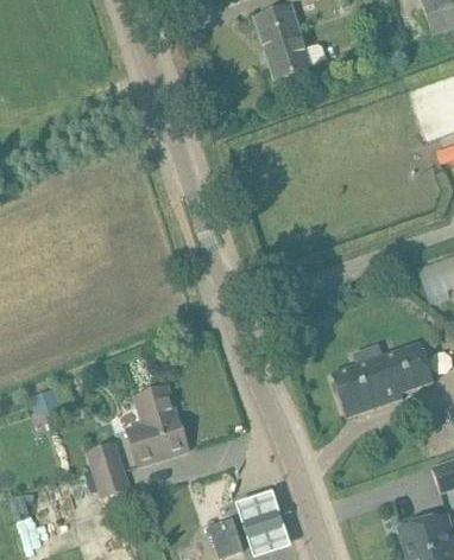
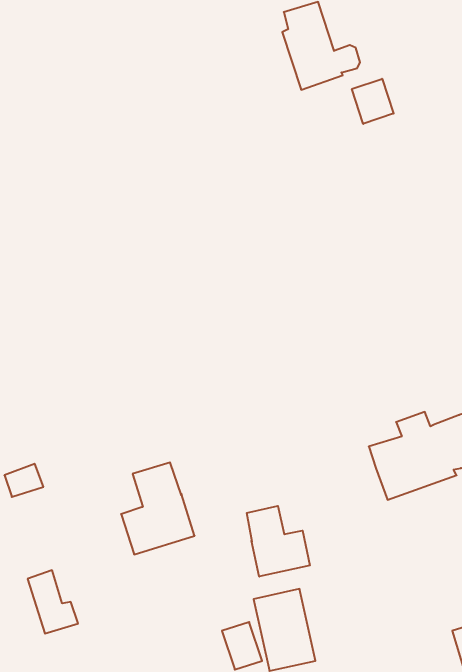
building: none -> [352,79,394,124]
building: none -> [247,506,310,577]
building: [87,441,128,494] -> [28,570,78,634]

